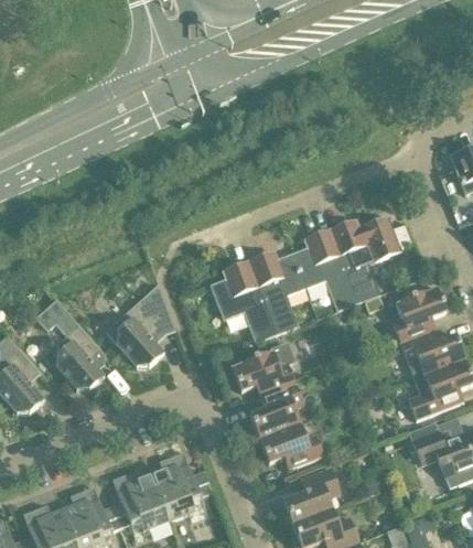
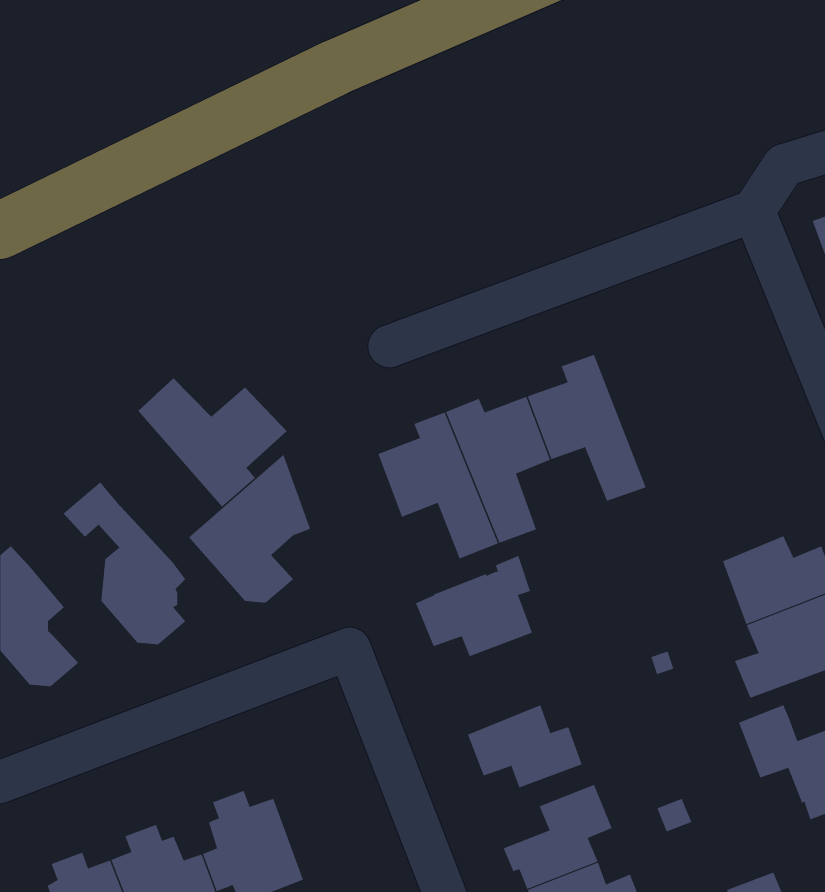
building: [331,216,411,303] -> none
building: none -> [137,378,287,508]
building: [393,287,447,344] -> none
building: [250,384,304,440] -> none
building: [153,454,213,522] -> none

